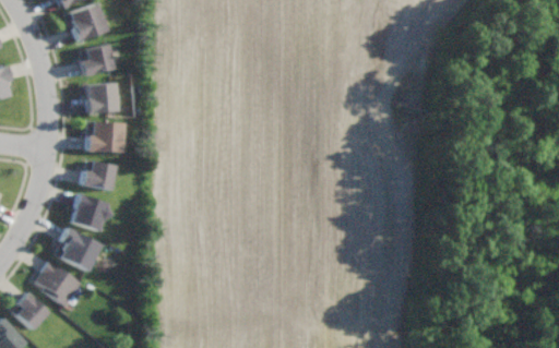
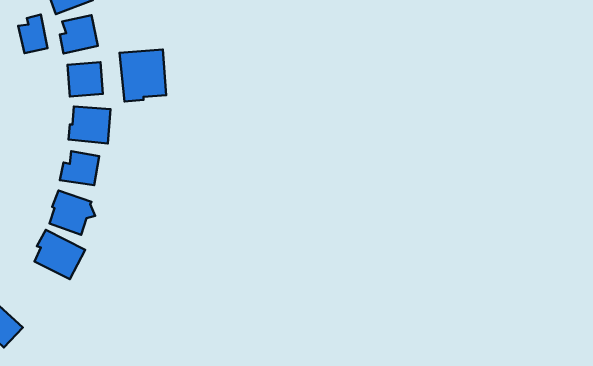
building: none -> [18,15,47,53]
building: none -> [120,50,166,102]
building: [36,263,82,308] -> none

